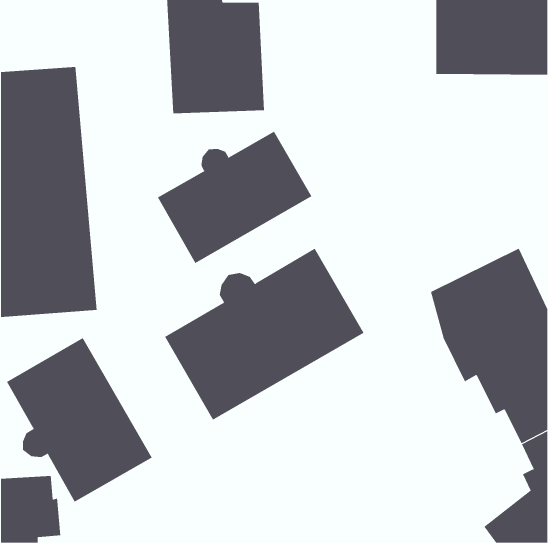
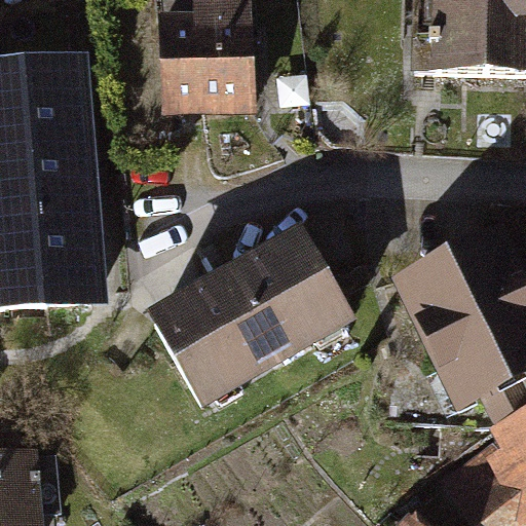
building: [157,131,312,264] -> none
building: [6,337,152,503] -> none

